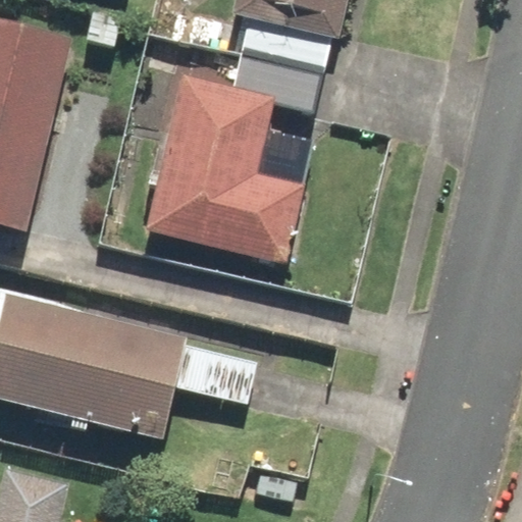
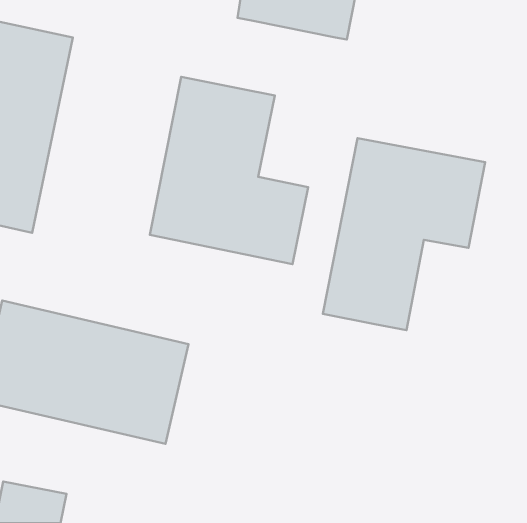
building: [234,20,328,103] -> none
building: none -> [323,138,485,330]

